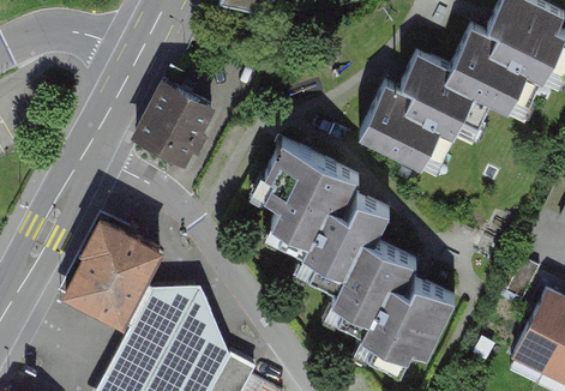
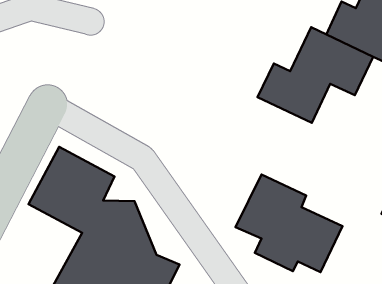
building: [142,74,223,164] -> none
building: [247,146,373,293] -> none

